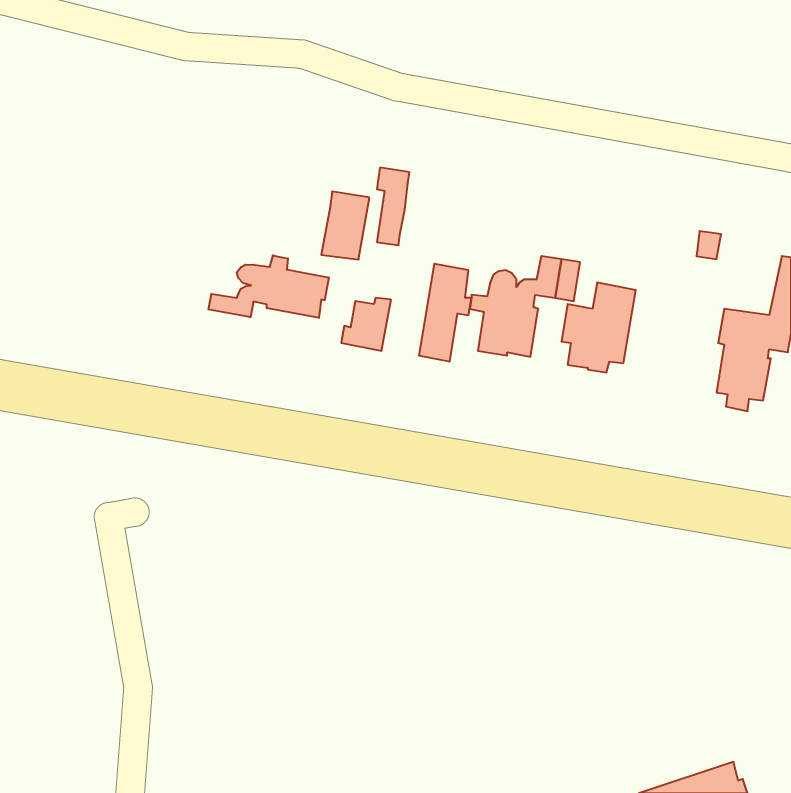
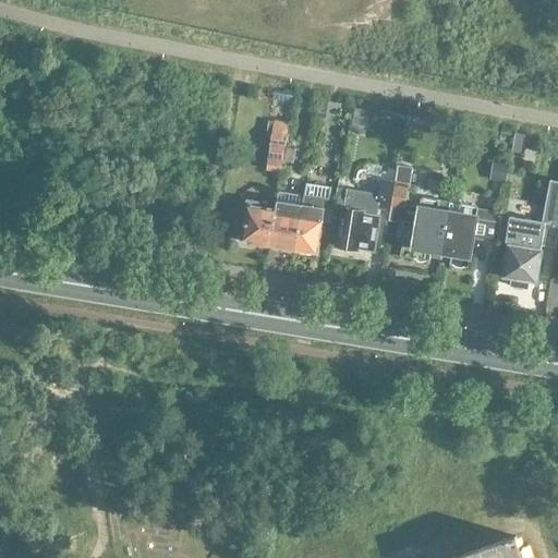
building: [321,191,369,260] -> [268,202,302,250]
building: [208,255,329,318] -> none
building: none -> [438,204,499,268]

